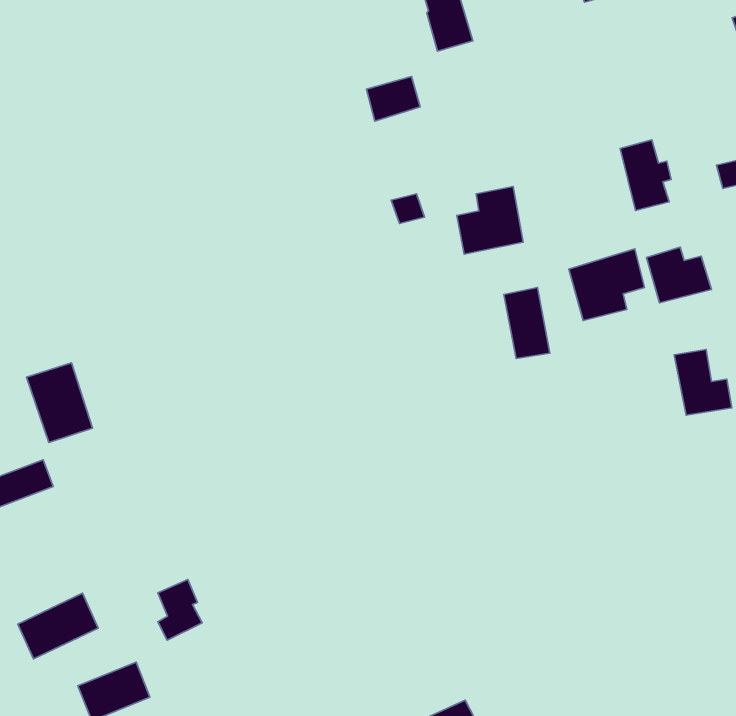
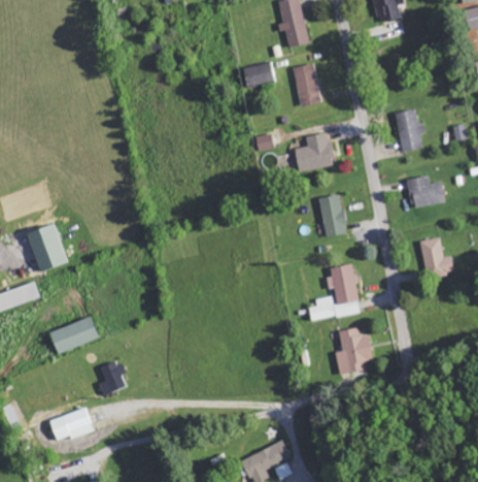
building: none -> [294,63,321,105]
building: [569,249,644,321] -> none
building: none -> [310,264,361,320]
building: none -> [336,327,373,374]
building: [18,593,98,659] -> [50,316,99,354]

